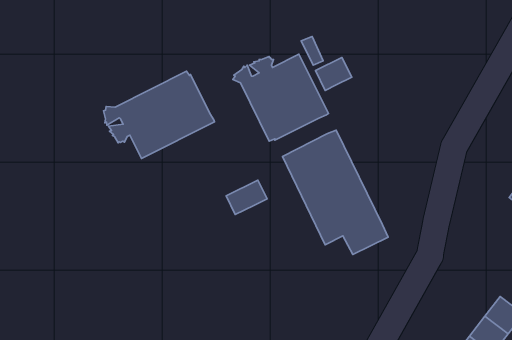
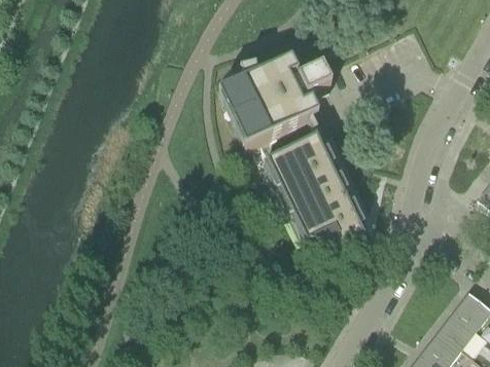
building: [104,71,215,158] -> none
building: [226,180,267,214] -> none

